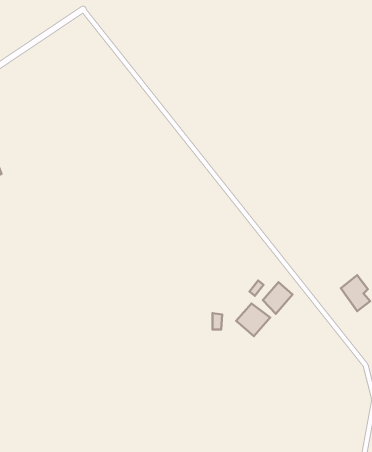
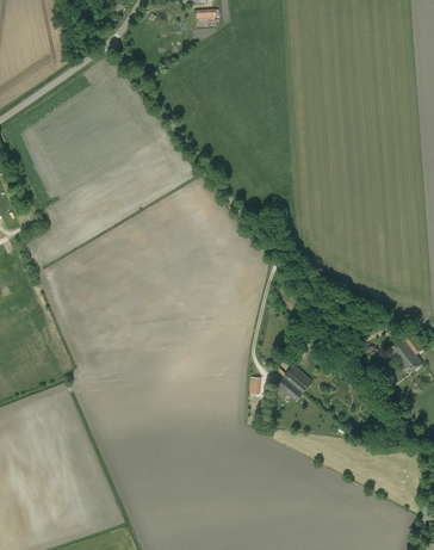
building: [263,282,292,314] -> none

